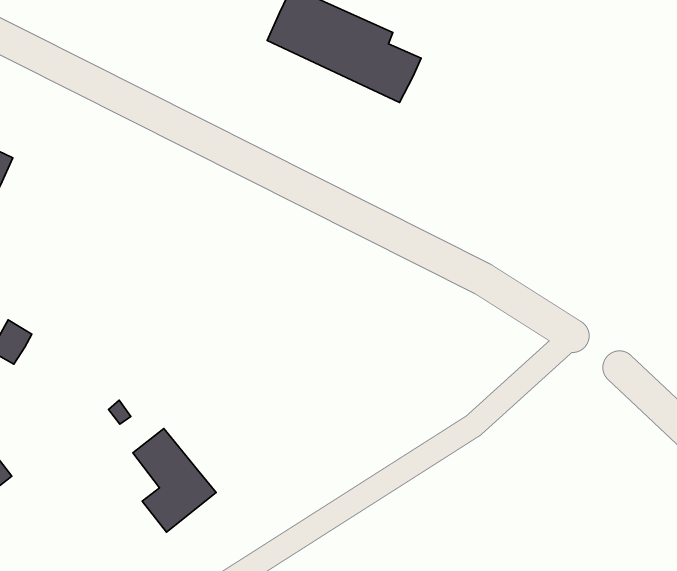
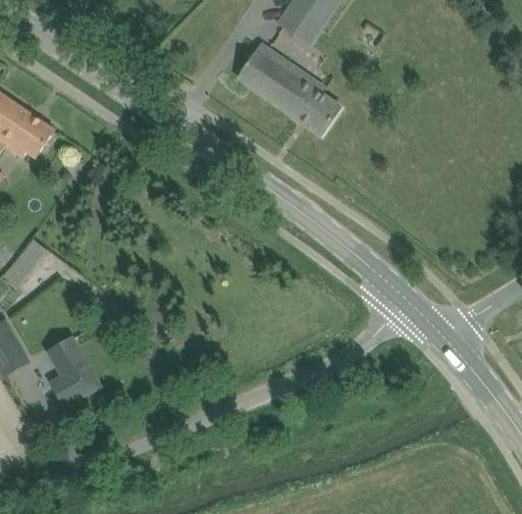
building: [133,428,216,532] -> [47,337,99,407]

